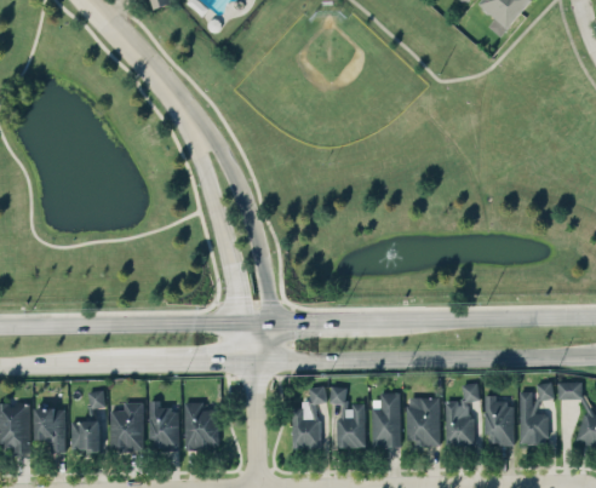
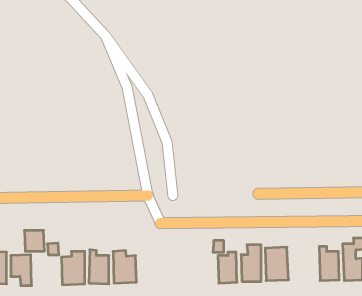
building: [445,384,478,447] -> none
building: [291,387,325,449] -> none
building: [70,421,99,452] -> [24,230,44,251]

